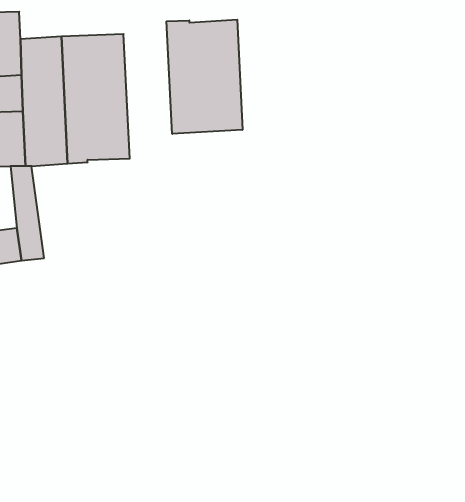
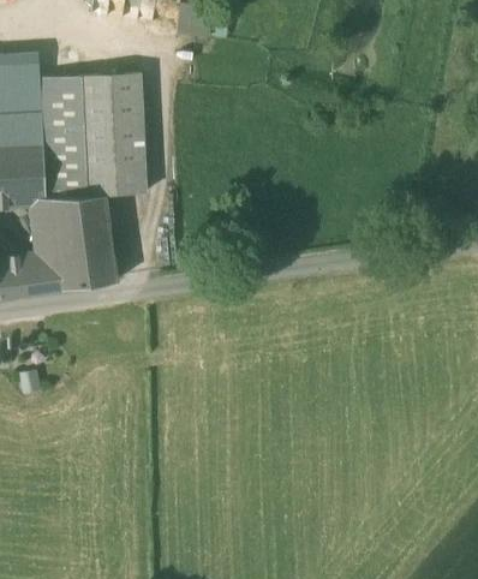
building: [167,20,242,134] -> none
building: none -> [52,197,118,290]

